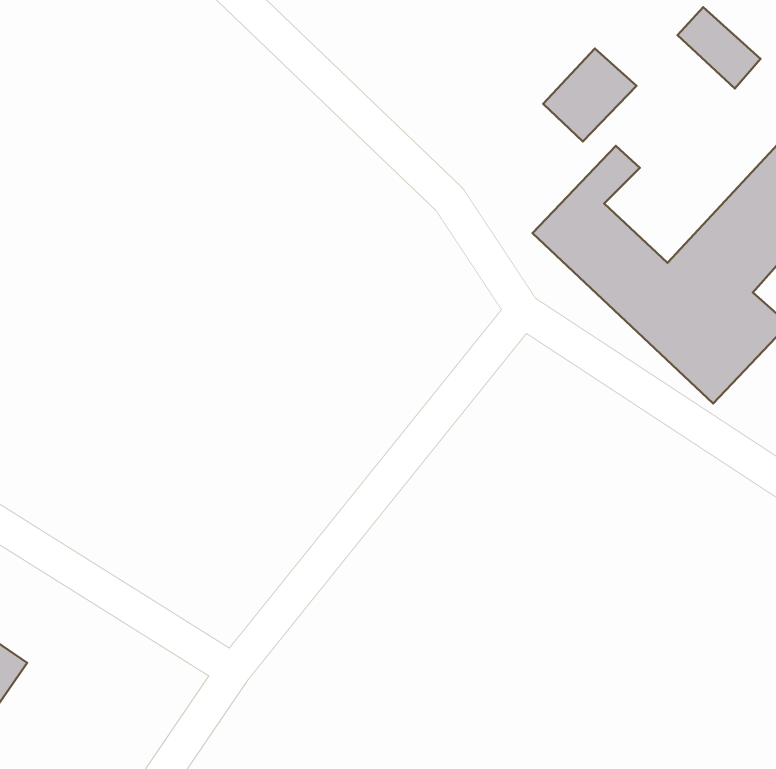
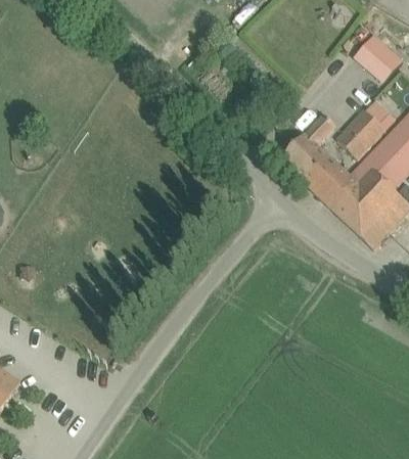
building: [543,48,636,141] -> [337,109,385,157]

